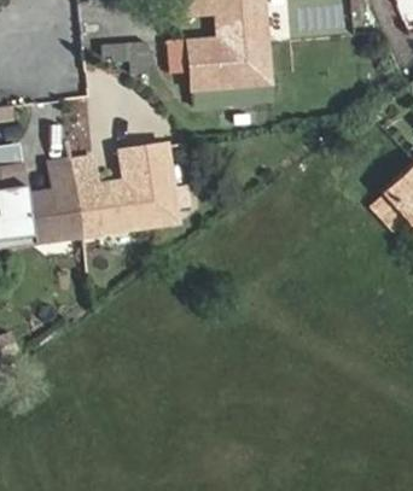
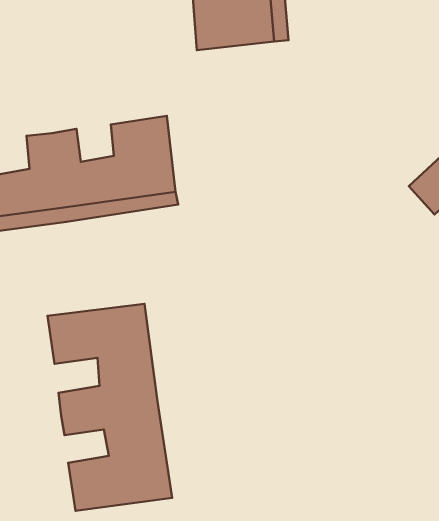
building: none -> [47,304,172,511]

